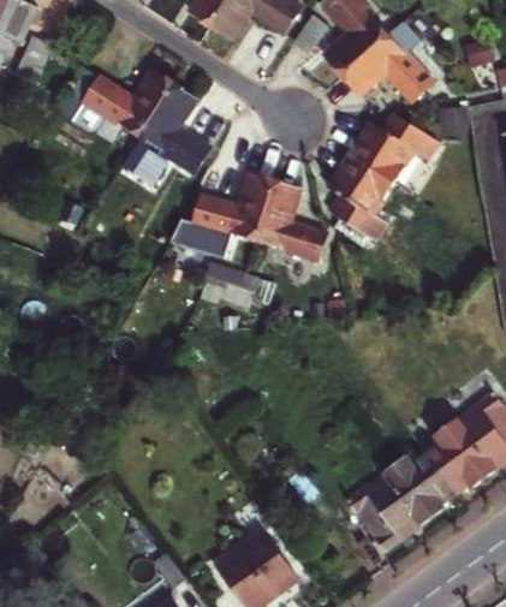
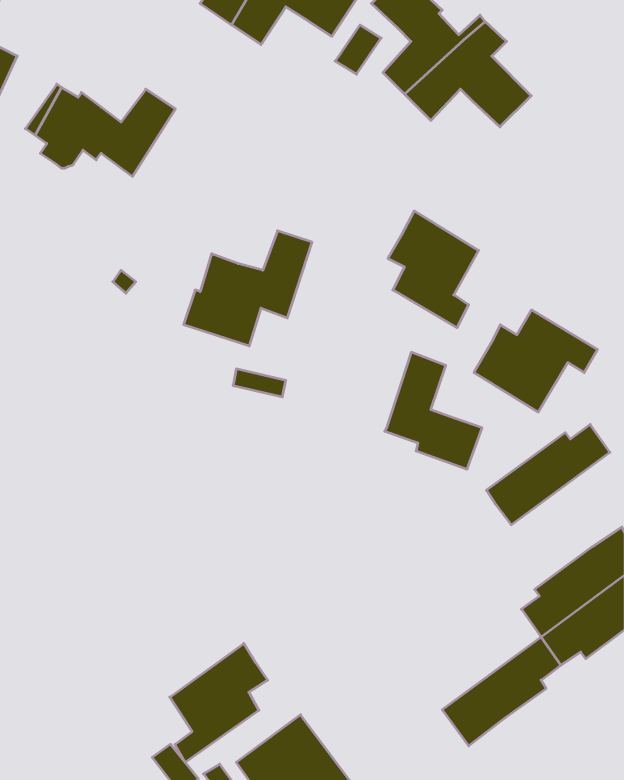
building: [120,84,208,184] -> none
building: [346,113,436,188] -> [474,310,597,412]
building: [252,181,323,267] -> [385,352,482,469]
building: [349,450,439,523] -> [486,424,610,525]
building: none -> [170,643,268,763]

